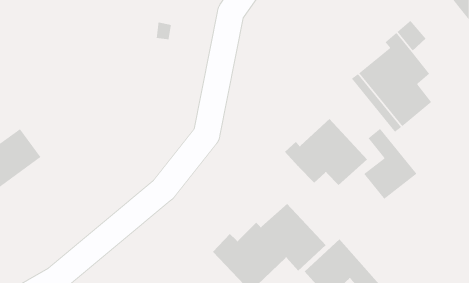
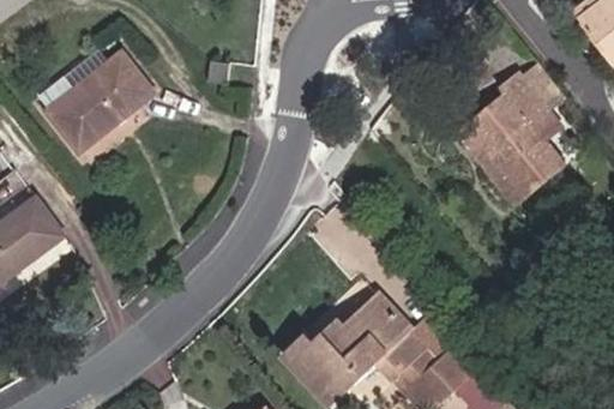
building: none -> [48,52,155,150]
building: [284,118,368,186] -> none
building: [363,128,418,200] -> none

